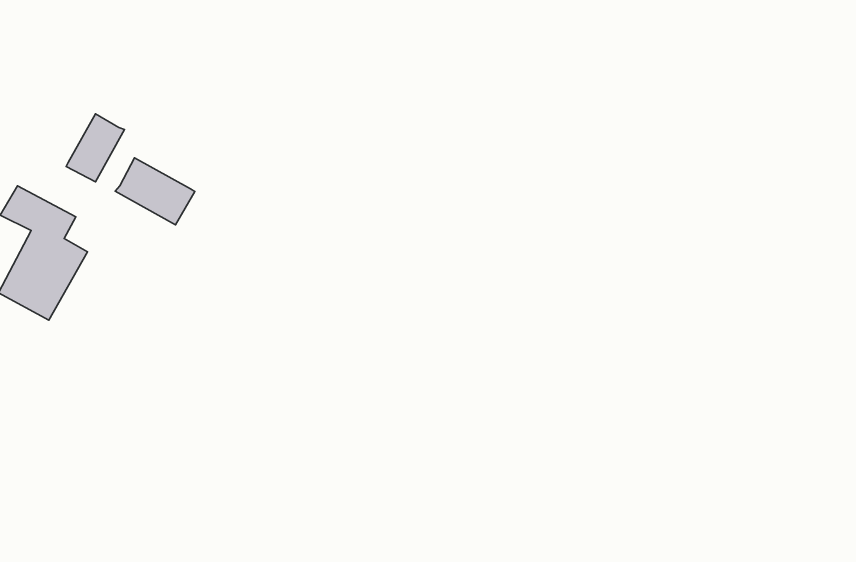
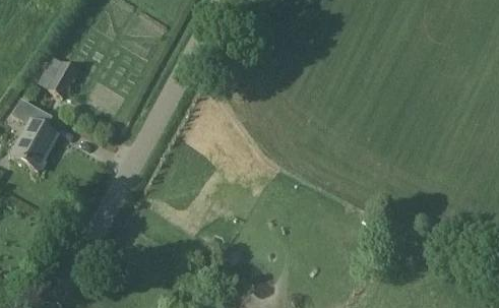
building: [115,158,195,225] -> none

